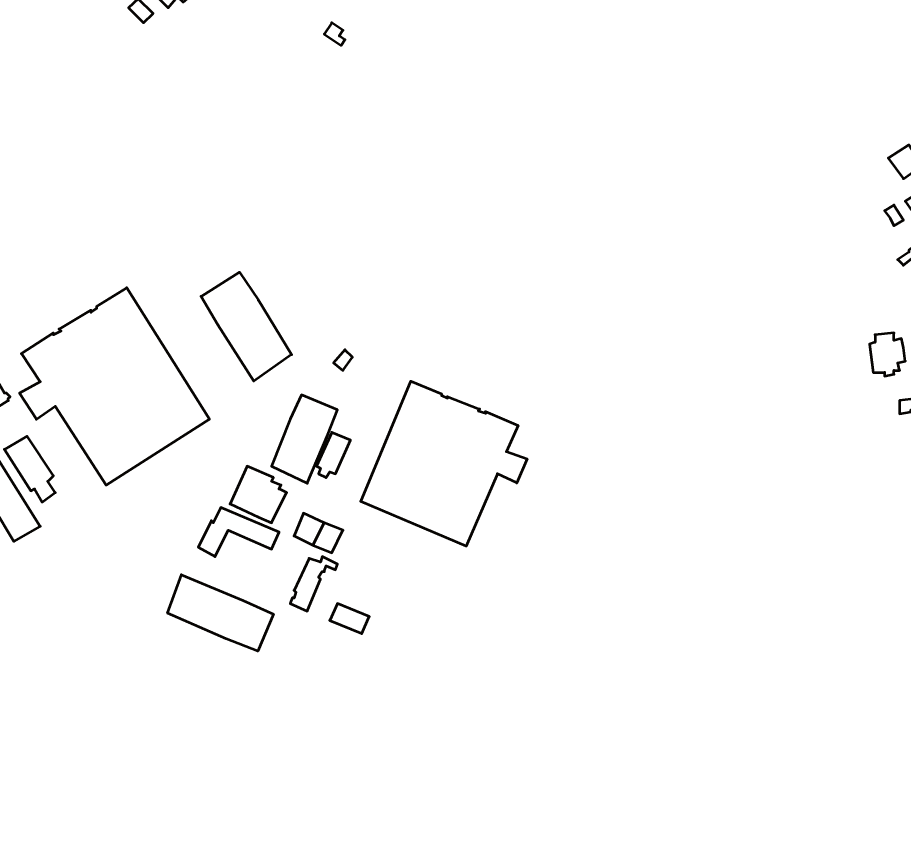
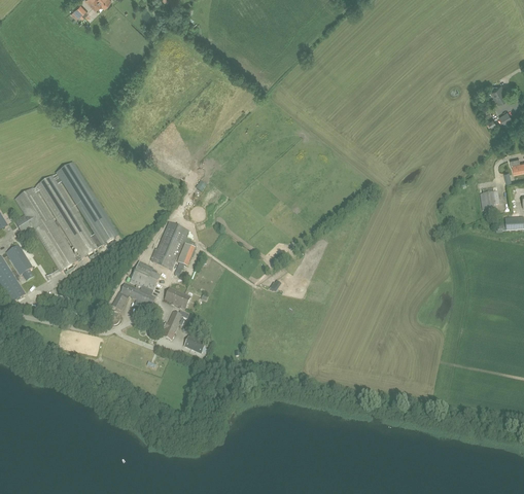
building: [201,272,292,381] -> none
building: [361,381,527,546] -> none
building: [168,575,273,651] -> none

